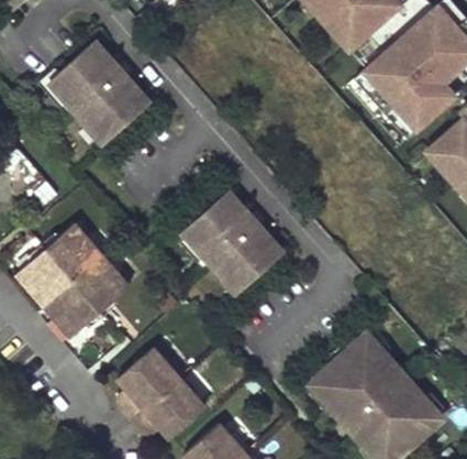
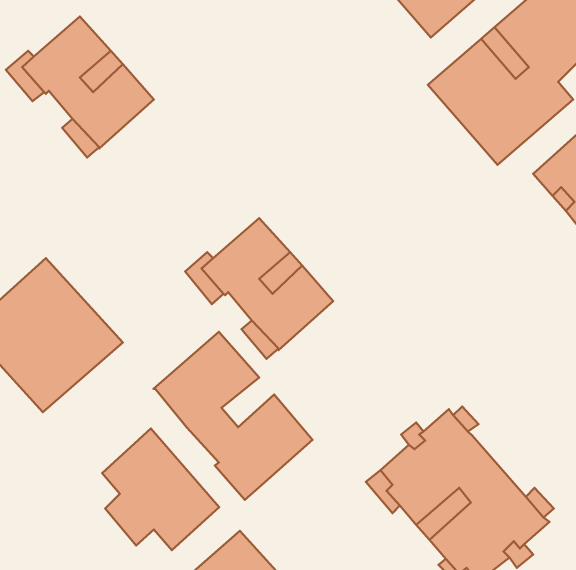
building: none -> [154,332,312,500]

